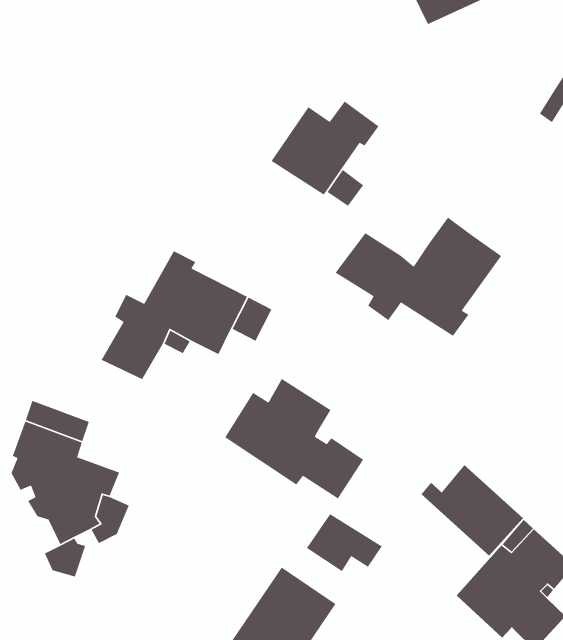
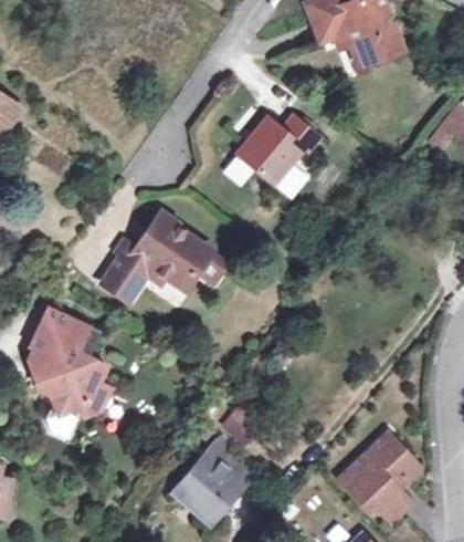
building: [335,216,502,337] -> none
building: [224,378,364,499] -> none
building: [421,464,524,557] -> none

